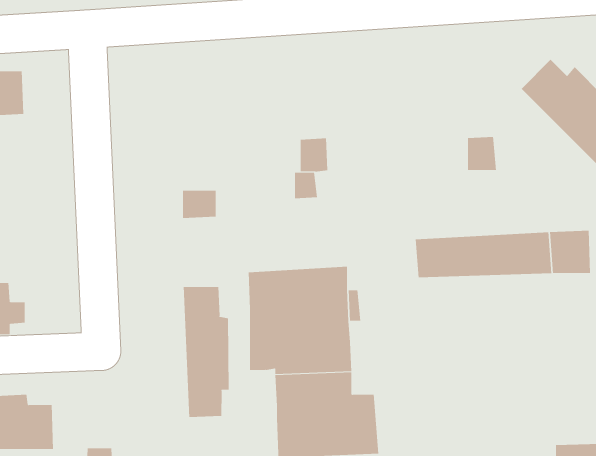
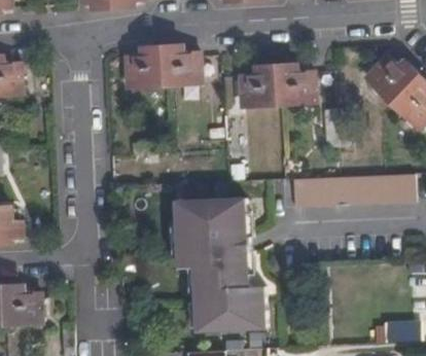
building: none -> [126,45,200,86]
building: none -> [240,65,316,104]
building: [183,286,229,418] -> none

